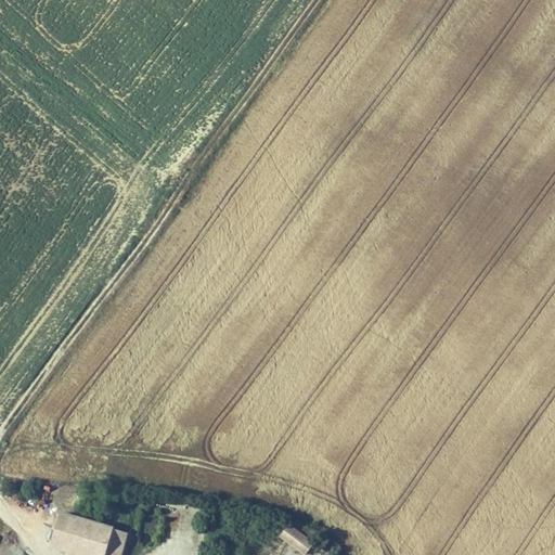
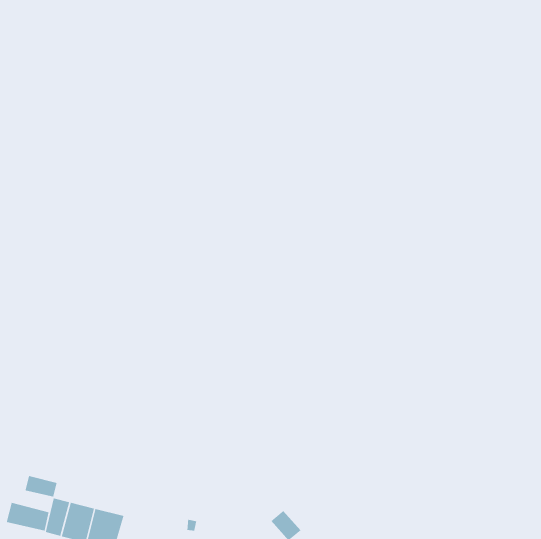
building: none -> [24,475,57,498]
building: none -> [6,502,50,531]

